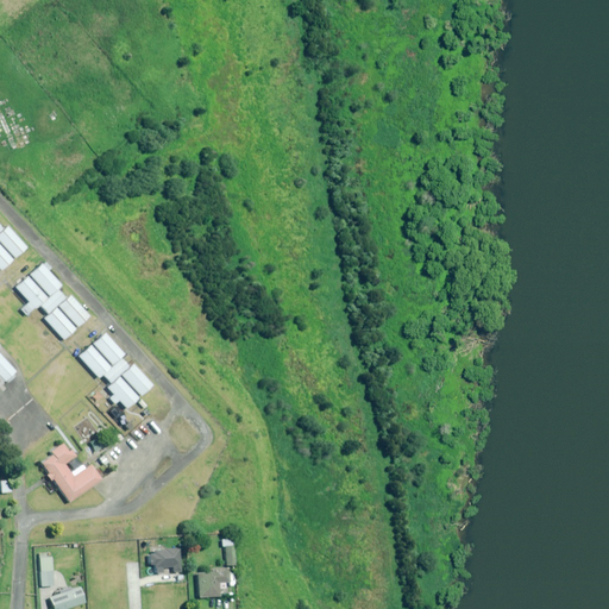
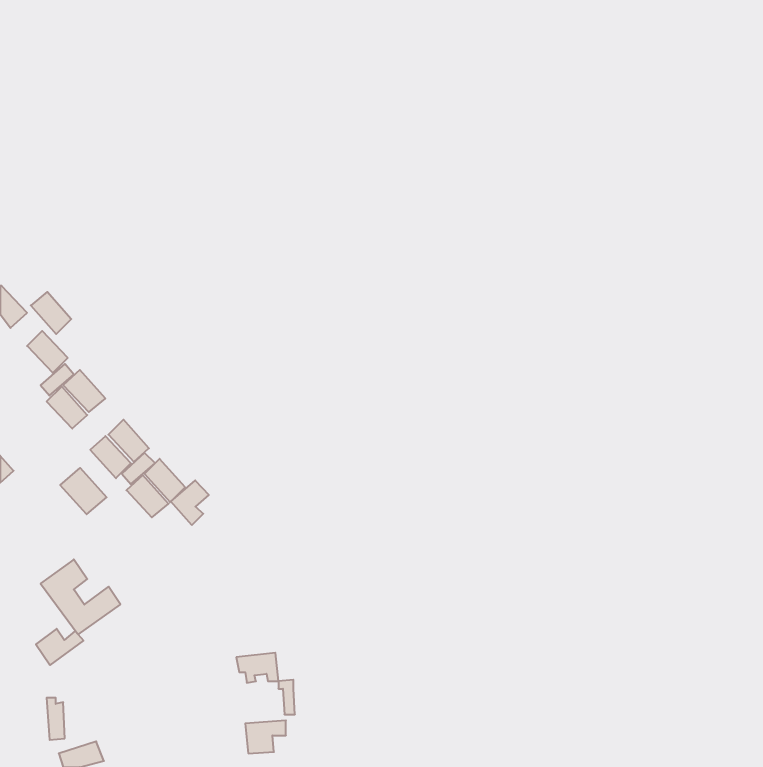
building: [12,275,44,308] -> [31,292,71,334]
building: none -> [60,468,107,514]
building: none -> [171,480,209,525]
building: none -> [36,629,83,665]
building: [150,548,183,572] -> [236,653,278,683]

